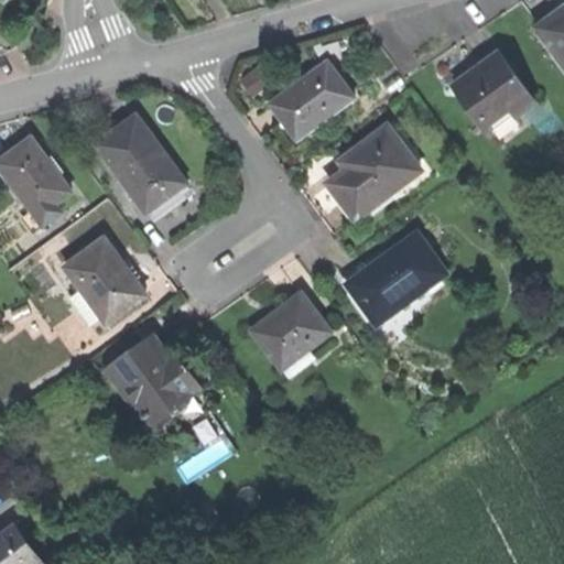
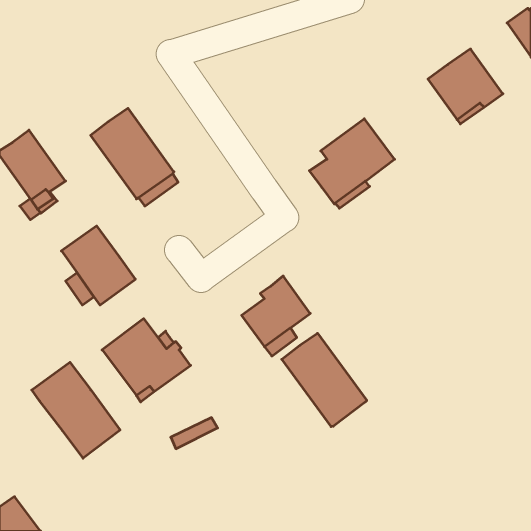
building: [270,61,352,138] -> none
building: [344,231,445,324] -> none
building: none -> [282,333,367,427]
building: none -> [32,362,120,458]

